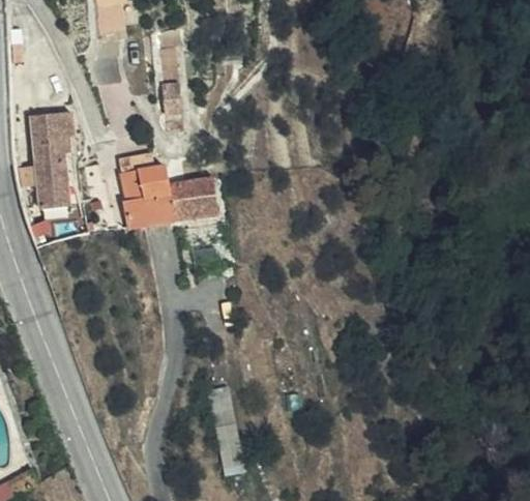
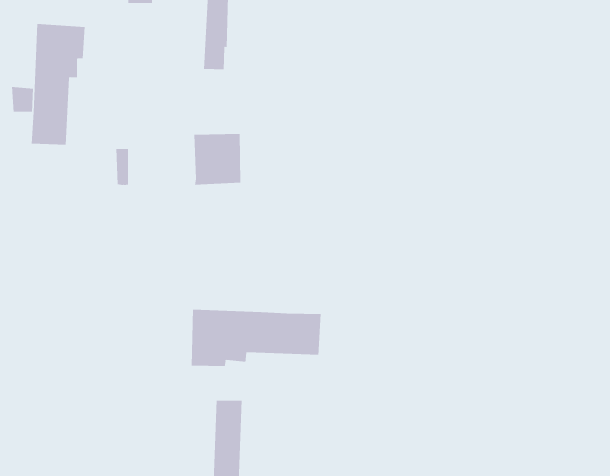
building: [119,151,173,231] -> none
building: none -> [191,309,321,367]

